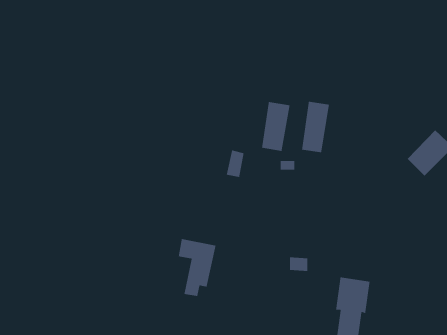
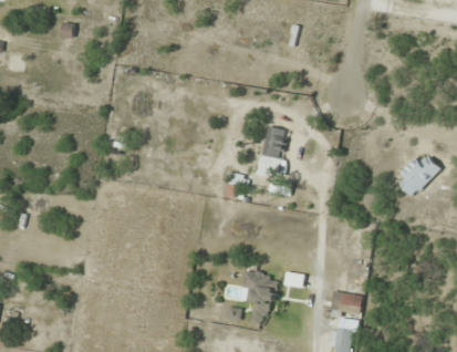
building: [301,101,330,153] -> none
building: [178,238,217,297] -> [241,269,278,324]

